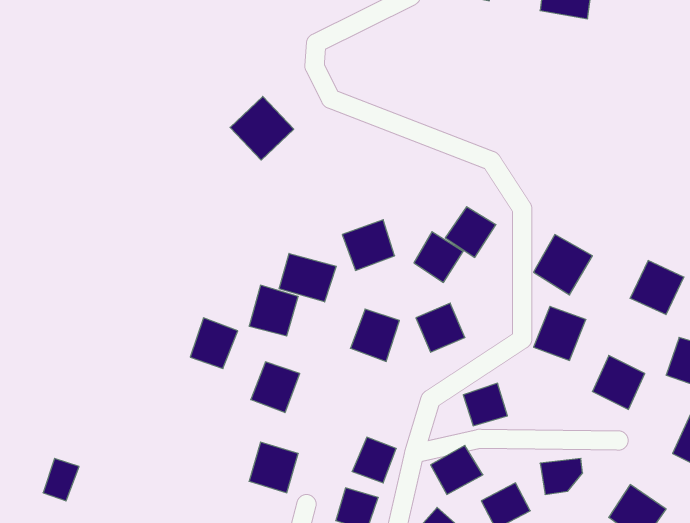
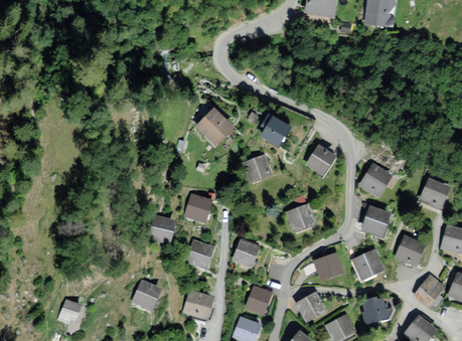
building: [230,96,294,160] -> [193,107,233,146]
building: [414,232,463,282] -> [258,116,288,147]
building: [279,253,336,302] -> none
building: [350,309,399,361] -> [229,237,260,270]
building: none -> [349,248,382,282]
building: none -> [412,274,446,307]
building: none -> [130,282,160,313]

